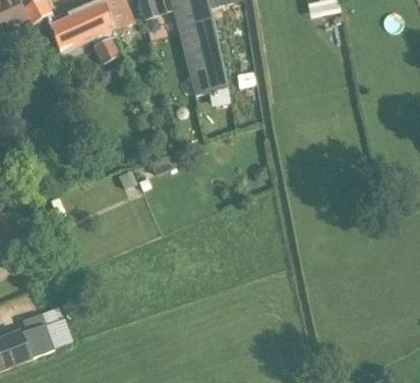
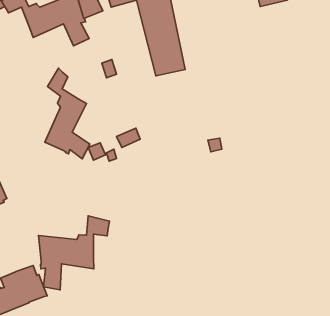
building: none -> [45,68,90,159]
building: none -> [39,216,109,290]

